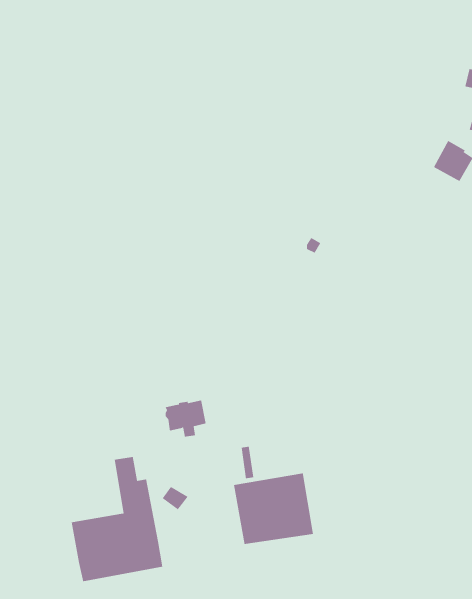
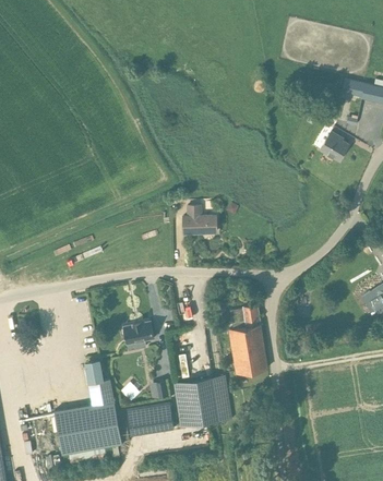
building: none -> [183,205,217,235]
building: none -> [229,304,267,373]
building: none -> [124,401,175,437]

